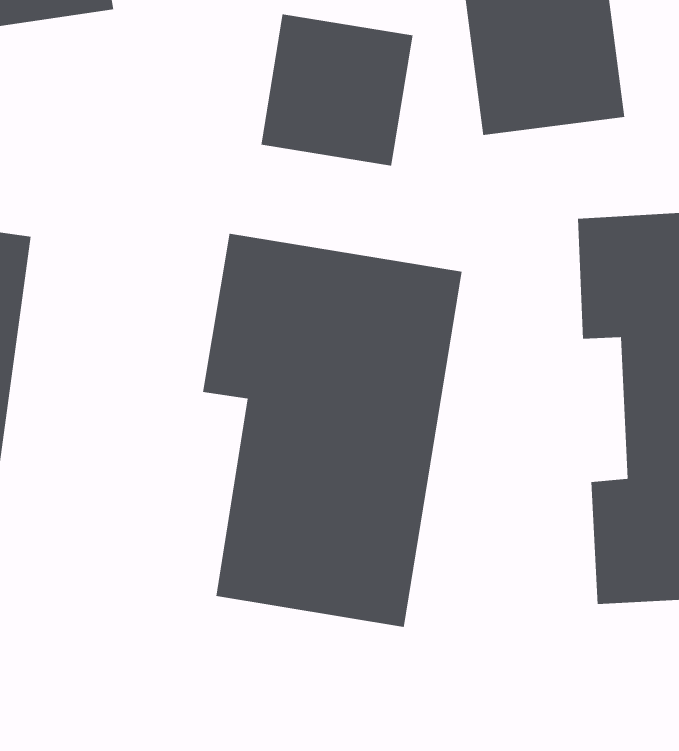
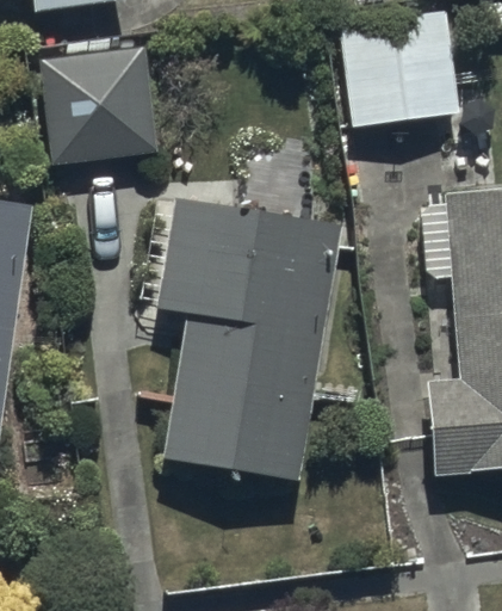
building: [261,14,413,166] -> none
building: none -> [43,45,154,161]

